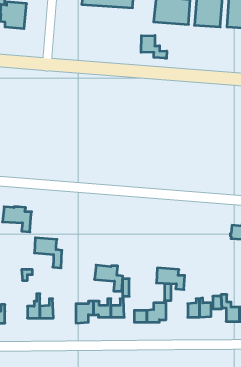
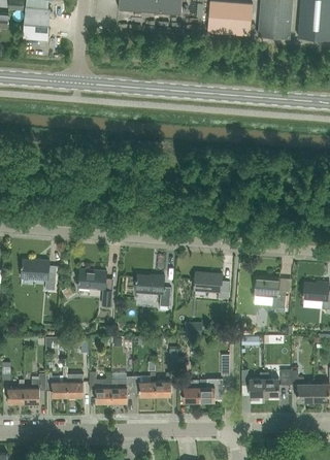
building: [141,35,167,58] -> none
building: none -> [255,277,286,308]
building: [34,238,62,268] -> [78,269,112,306]
building: [94,265,123,291] -> [135,274,170,306]
building: [156,268,185,290] -> [194,272,229,299]
building: none -> [89,372,111,403]
building: none -> [24,373,45,403]

